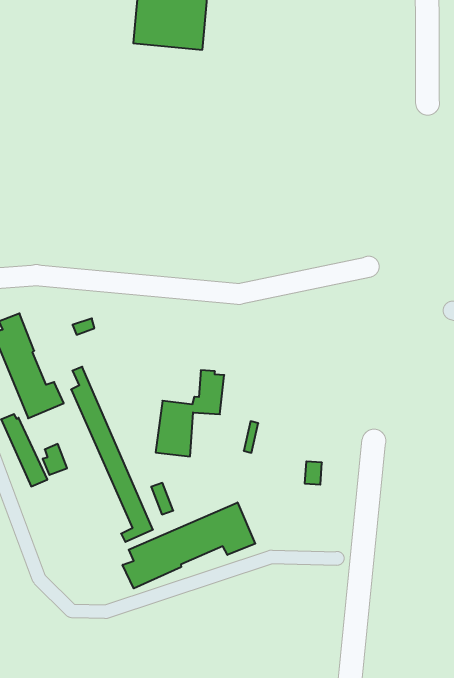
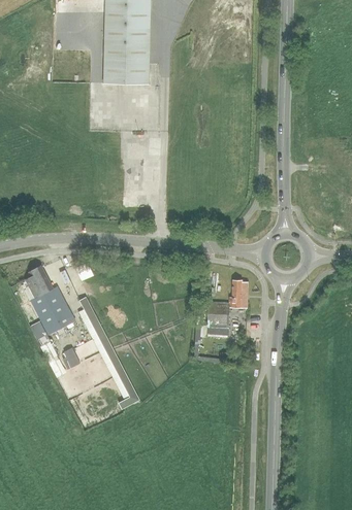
building: [156,370,224,456] -> [206,279,248,336]
building: [123,502,255,588] -> none

